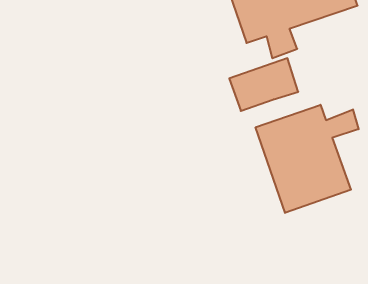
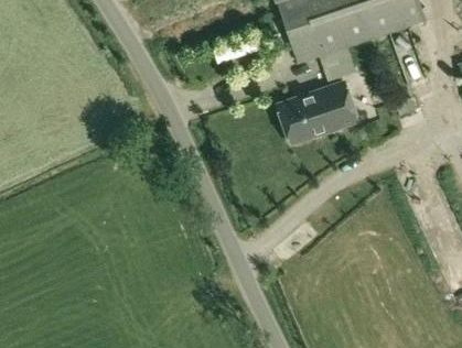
building: [256,105,359,213] -> none

